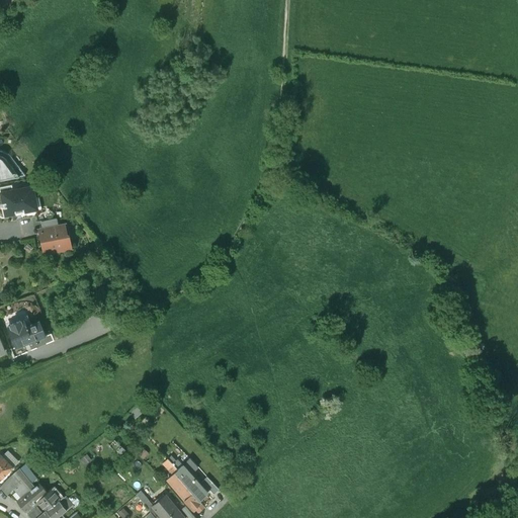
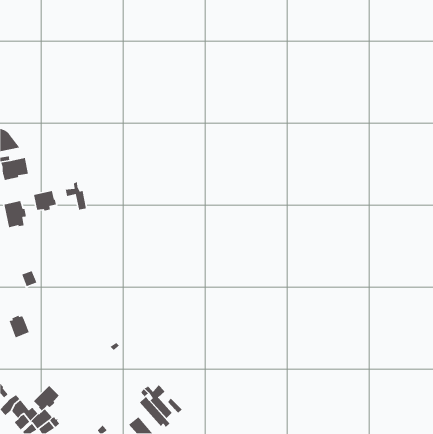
building: none -> [65,181,87,210]
building: none -> [3,200,27,228]
building: [6,321,31,349] -> [9,315,30,338]
building: none -> [33,385,59,412]

